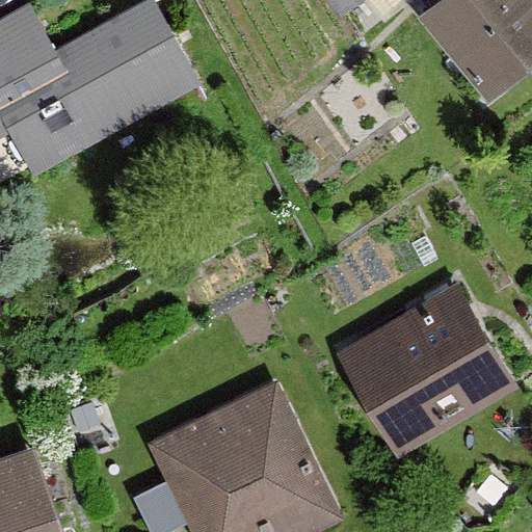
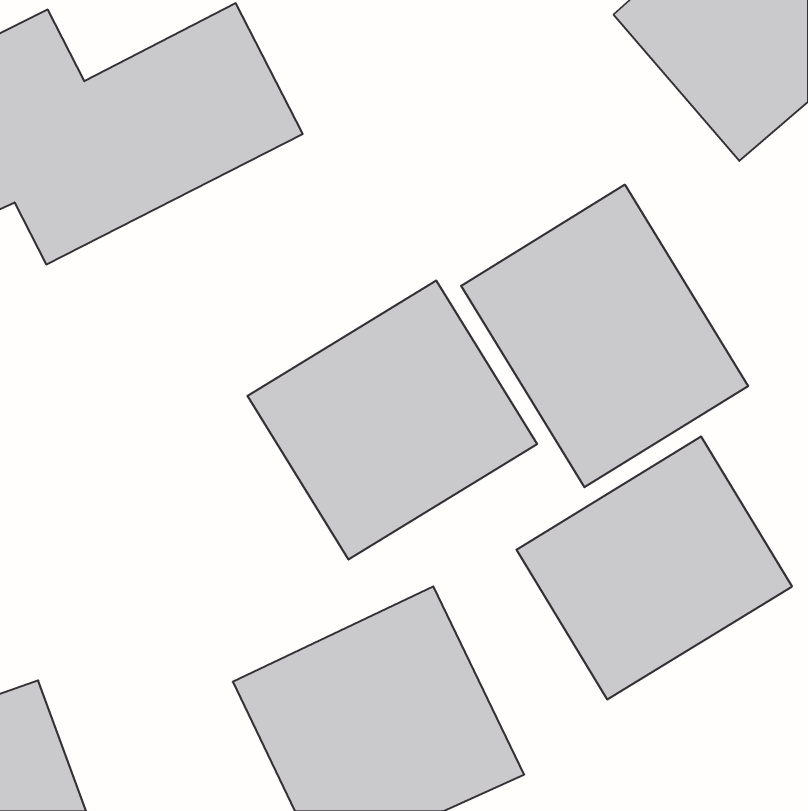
building: none -> [461,185,748,487]
building: none -> [247,280,537,560]

